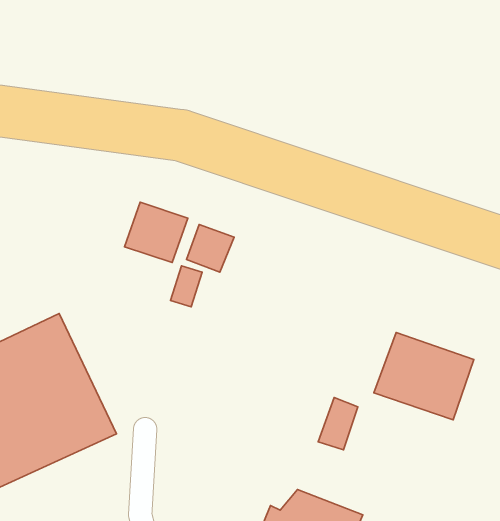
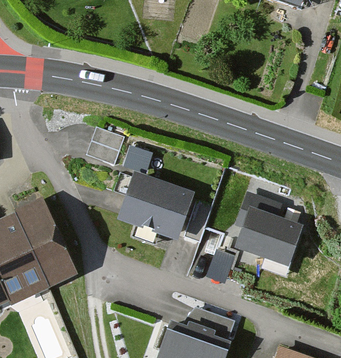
building: none -> [122,174,196,239]

